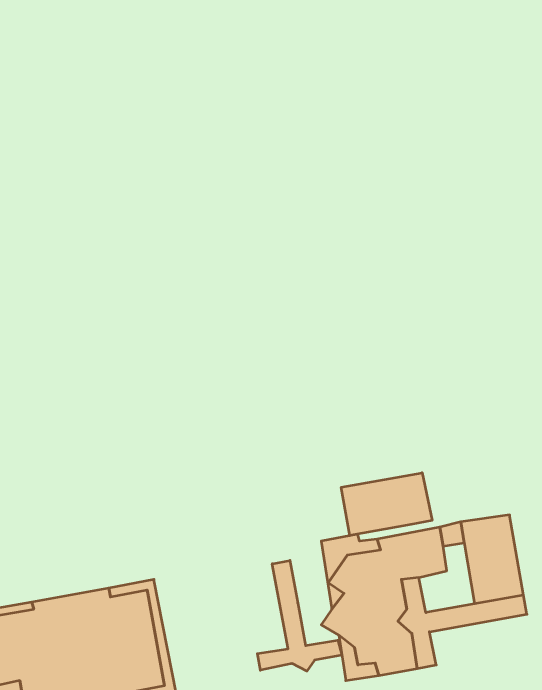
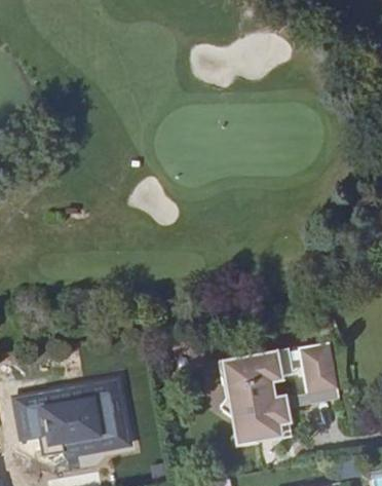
building: [341,473,432,536] -> none
building: [257,560,342,671] -> none

